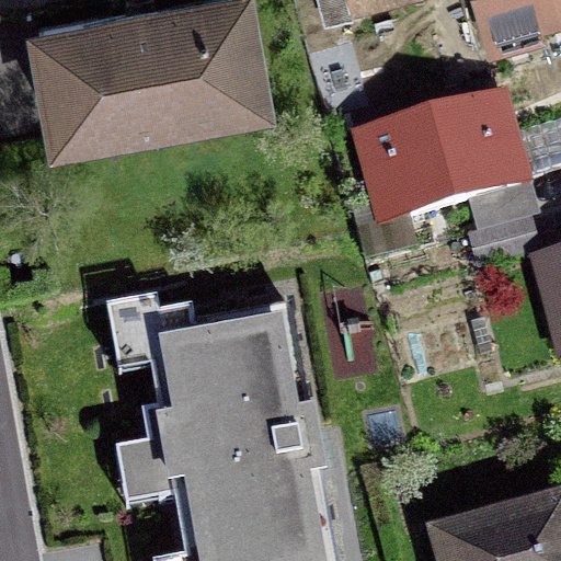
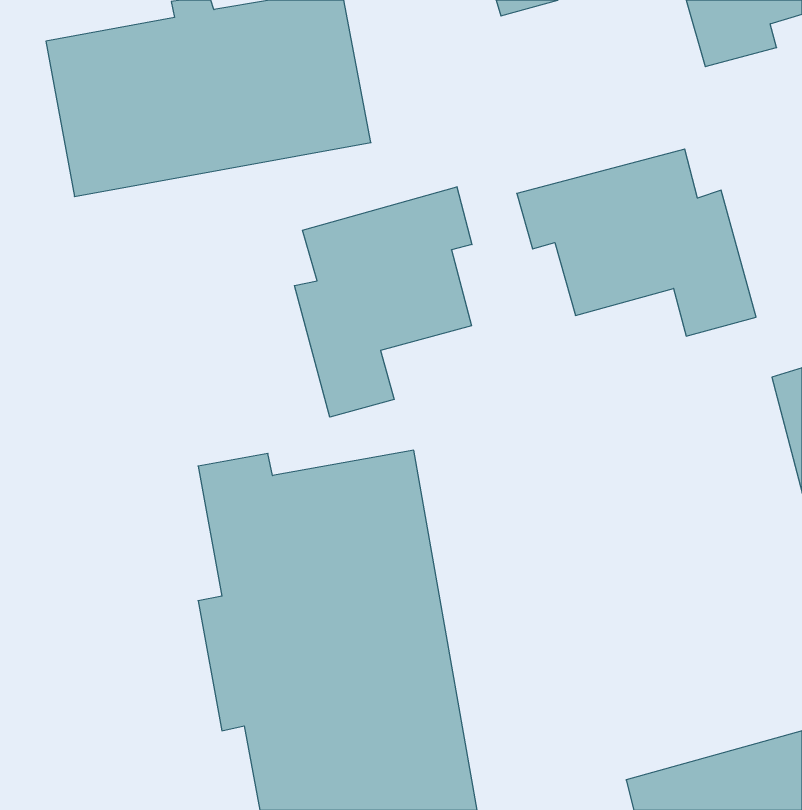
building: none -> [294,187,472,417]

